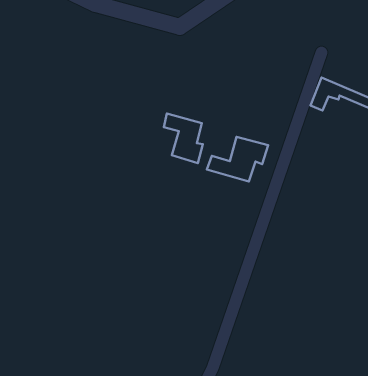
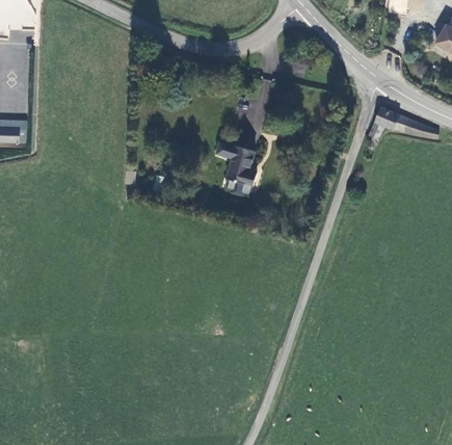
building: [207,137,268,182] -> none

